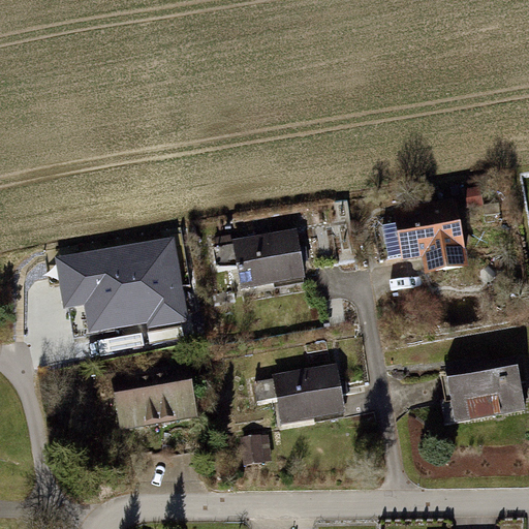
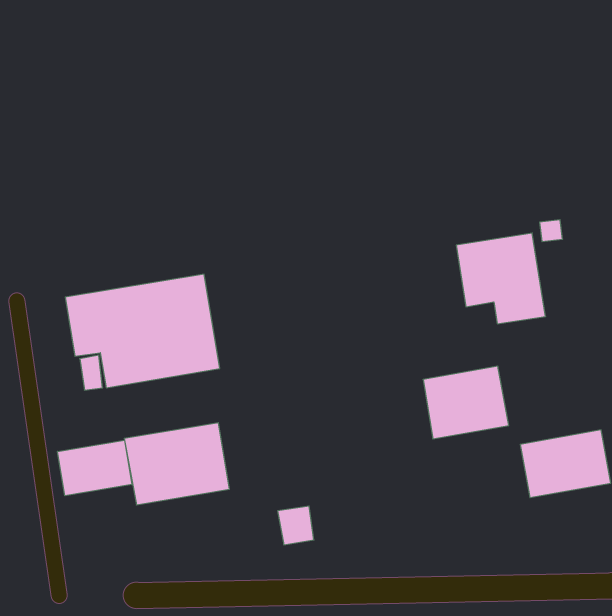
building: [228,230,301,289] -> none
building: [271,363,344,425] -> [423,366,509,439]
building: none -> [58,440,132,496]

